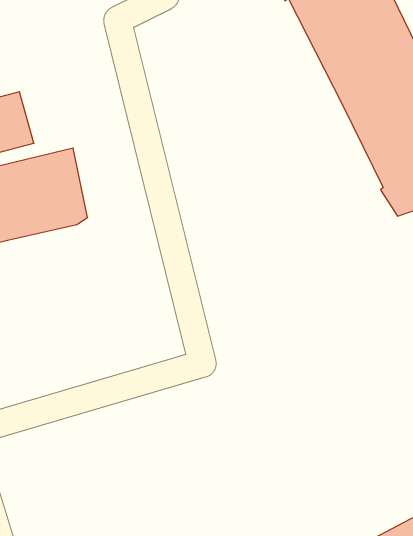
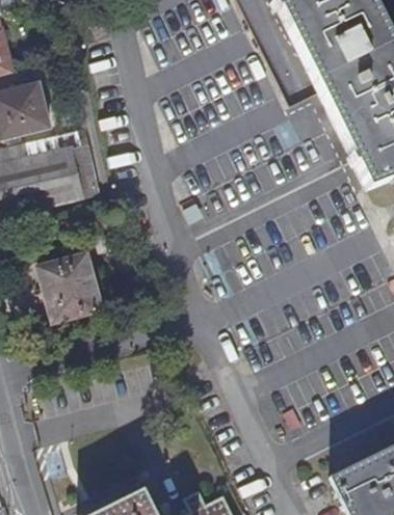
building: none -> [38,252,101,322]

